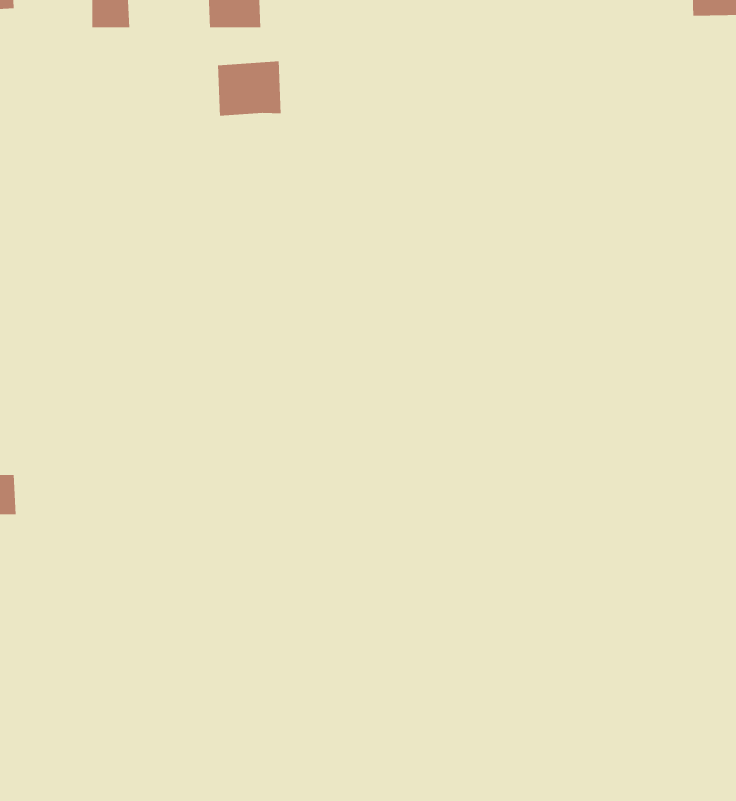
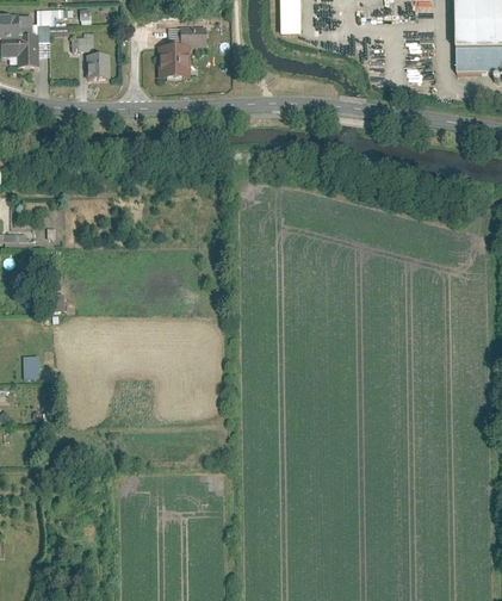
building: [217,60,281,116] -> none

